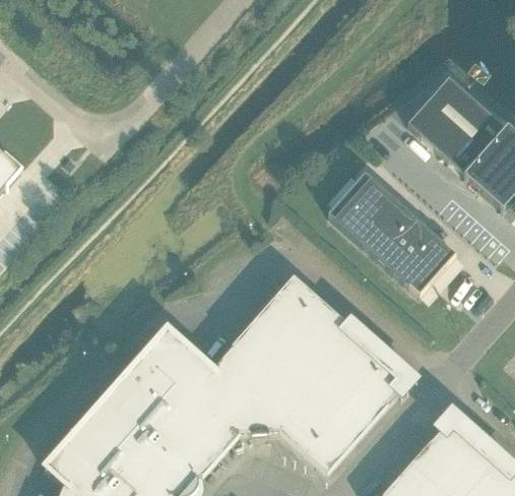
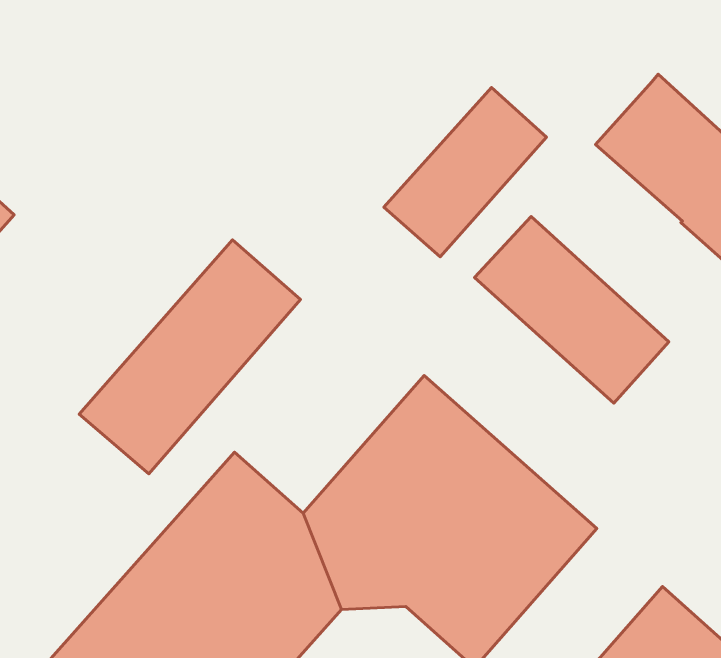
building: none -> [384,87,547,257]
building: none -> [79,240,300,474]

